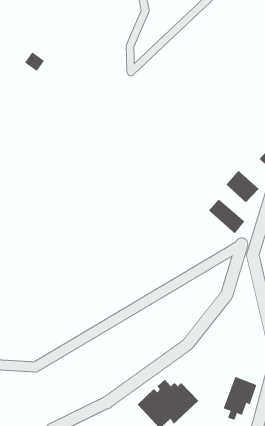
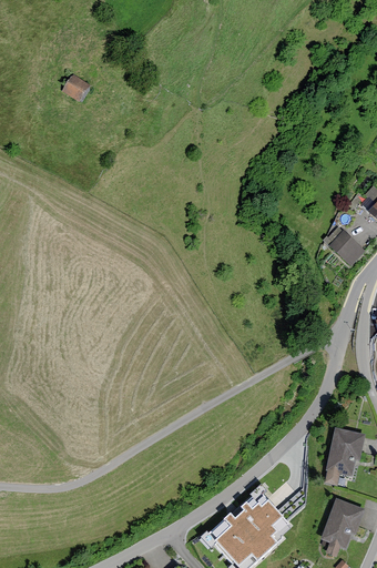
building: [208,199,245,234] -> none
building: none -> [324,425,365,484]

